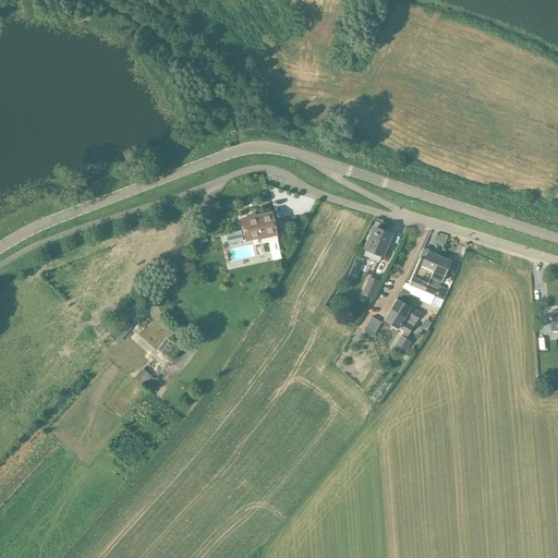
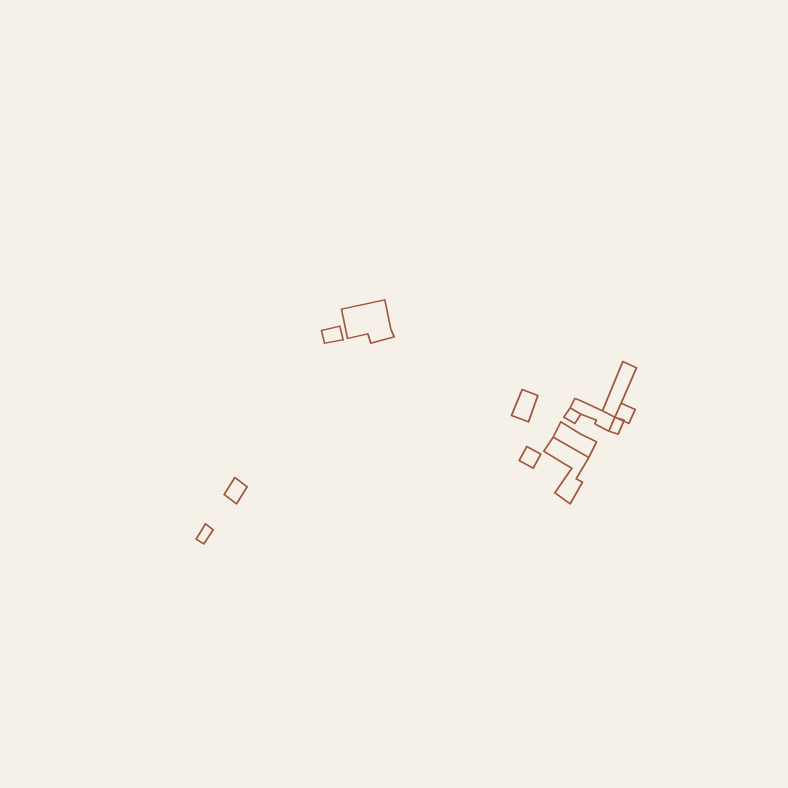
building: [363,226,391,263] -> none
building: [410,248,440,290] -> none

